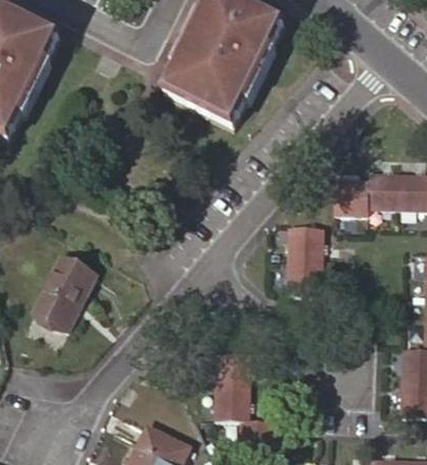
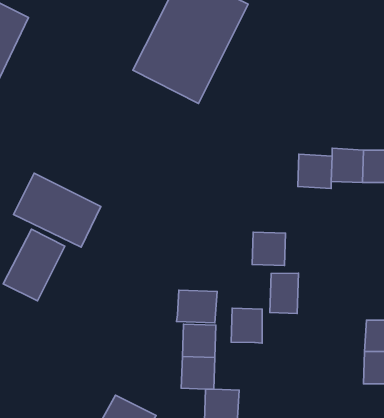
building: none -> [14,173,101,247]
building: [288,224,322,257] -> none
building: none -> [270,273,299,313]
building: none -> [177,290,217,323]
building: none -> [231,308,262,343]

